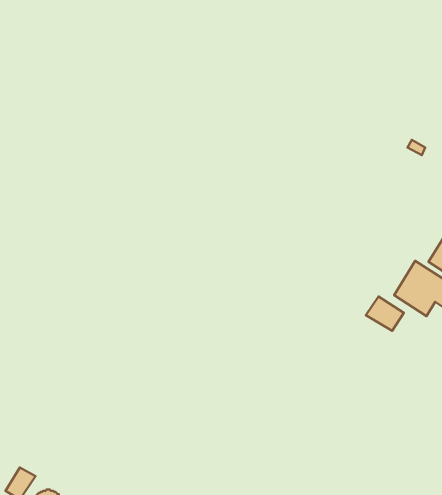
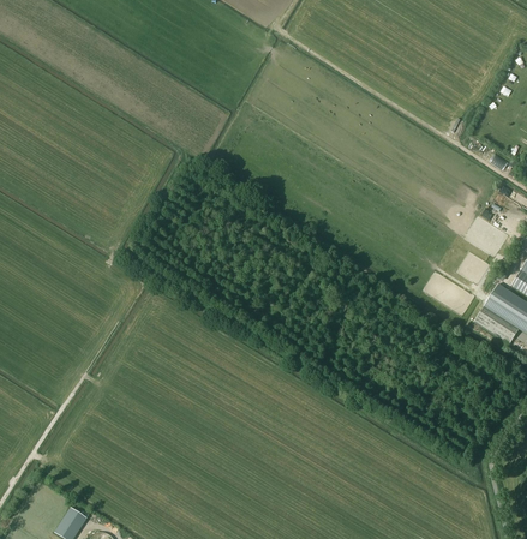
building: [366,297,404,331] -> none

